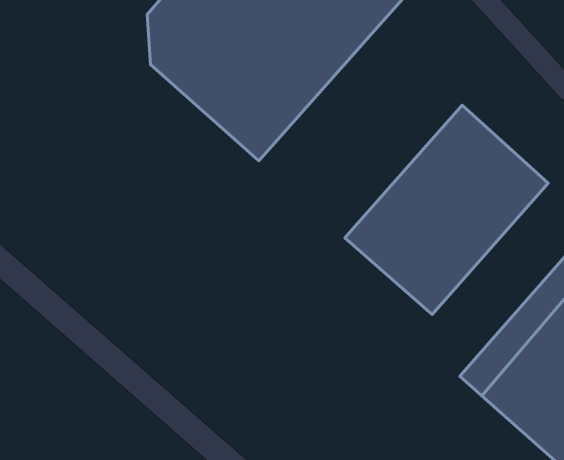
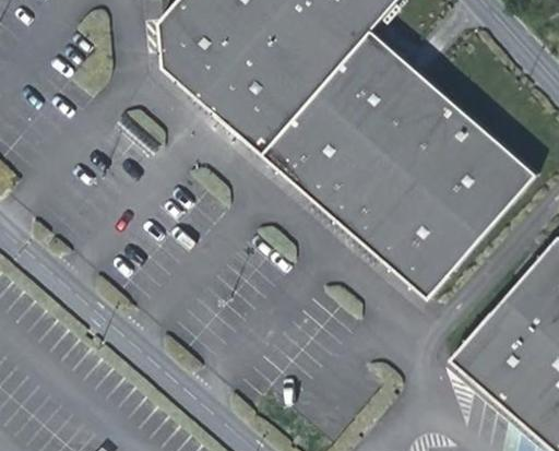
building: none -> [264,28,455,226]

